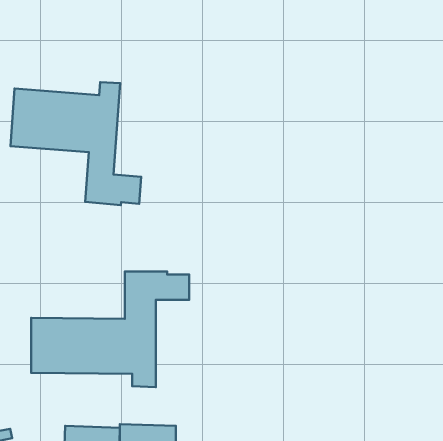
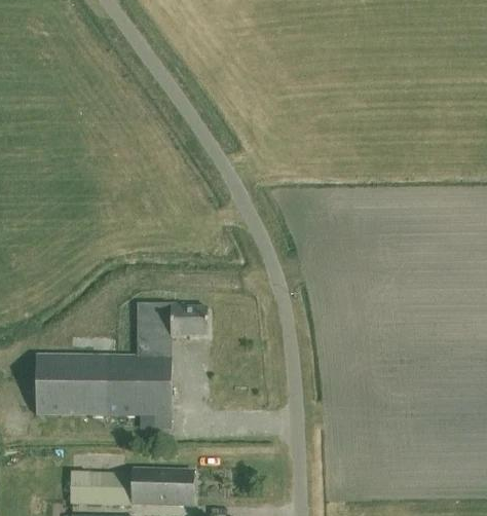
building: [10,82,141,205] -> none

